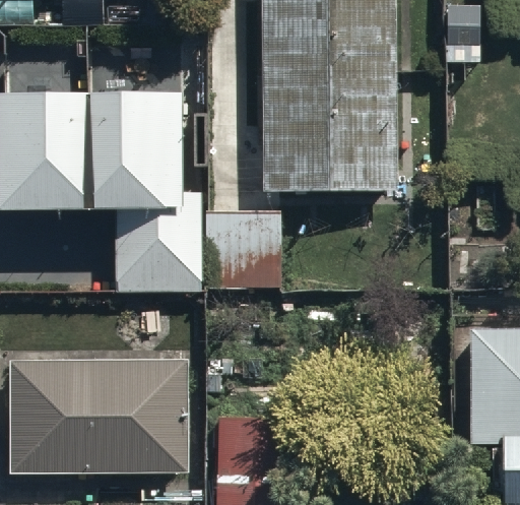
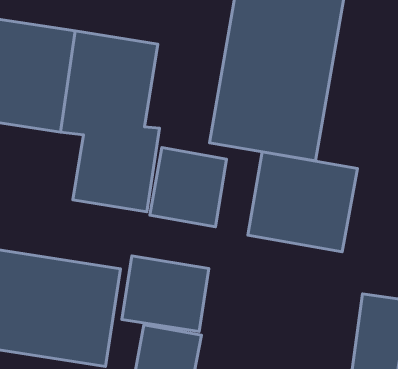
building: none -> [248,152,358,252]
building: none -> [122,256,209,331]

